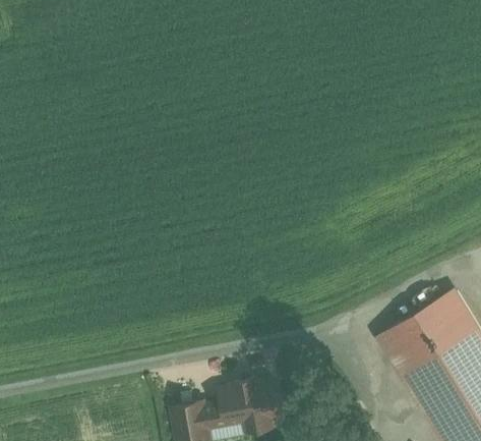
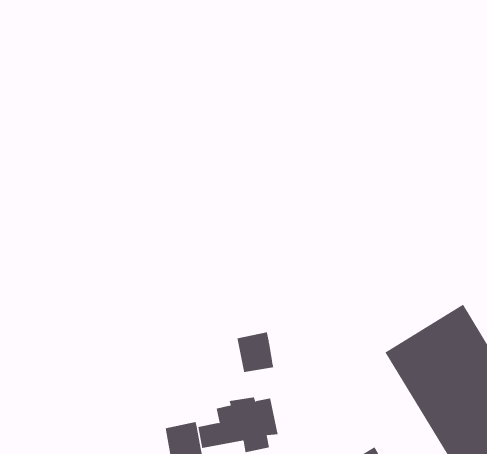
building: none -> [237,331,274,373]

